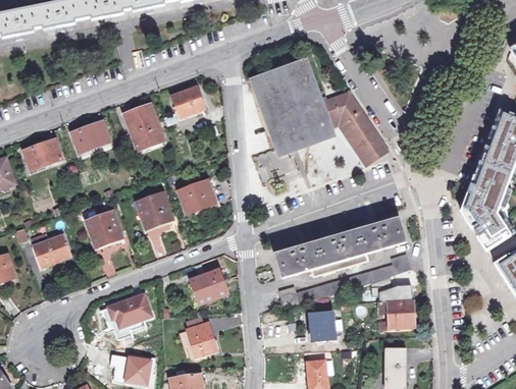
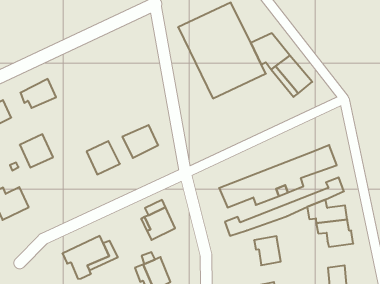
building: [172,86,204,116] -> none
building: [123,103,163,150] -> none
building: [87,211,121,245] -> [20,134,53,168]

